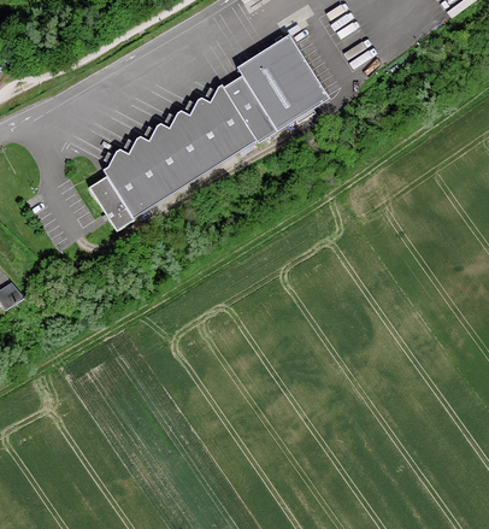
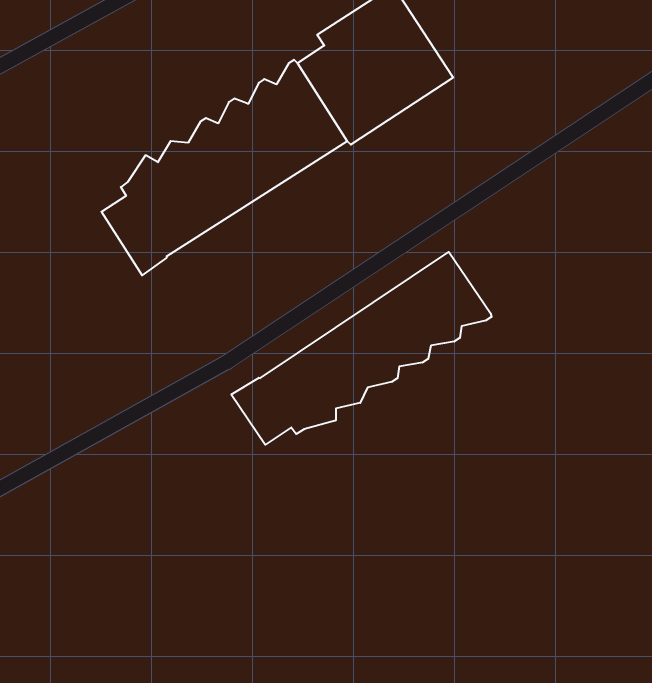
building: none -> [231,252,492,445]

